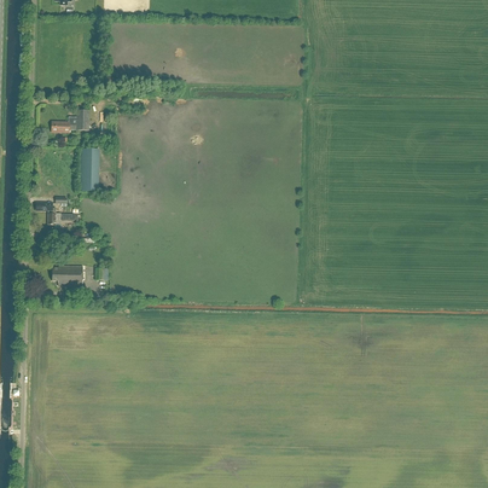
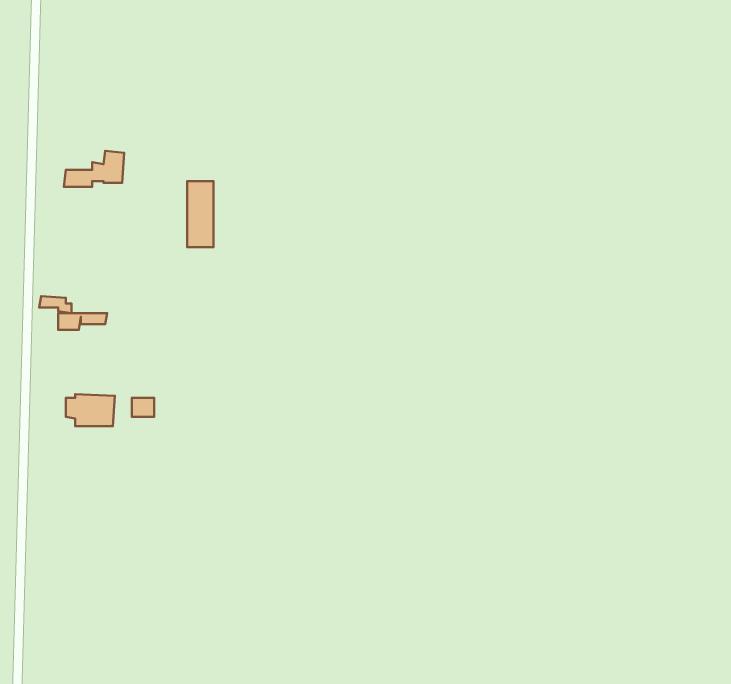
building: [80,147,97,190] -> [187,181,214,247]

